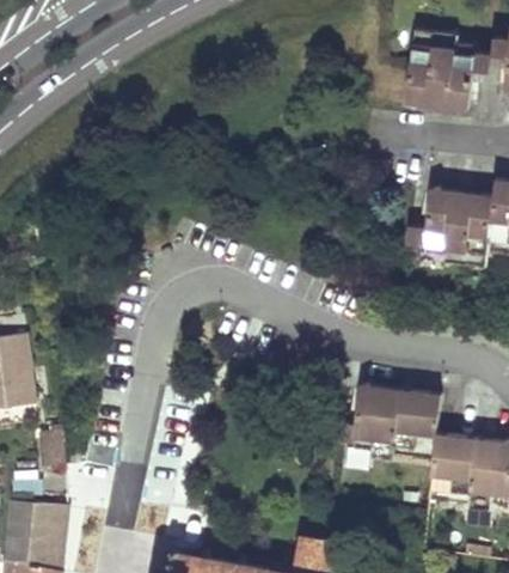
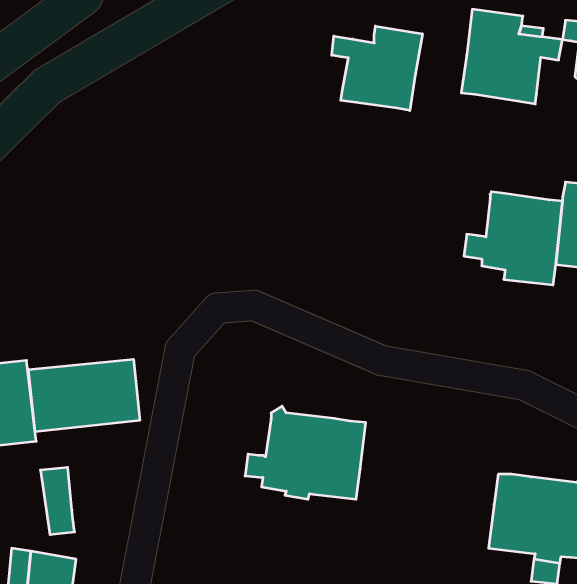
building: none -> [332,26,422,111]
building: none -> [29,359,140,432]
building: [337,379,442,461] -> [245,406,366,499]

